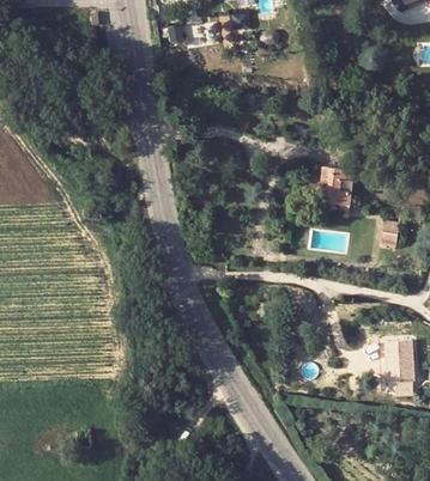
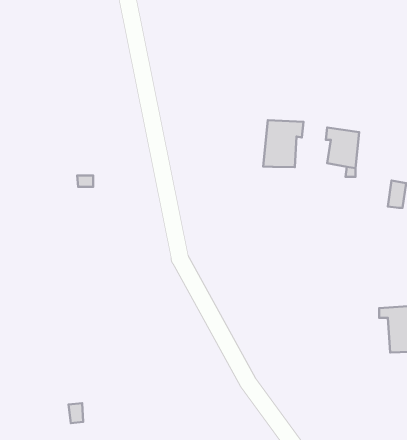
building: none -> [263,120,304,167]

